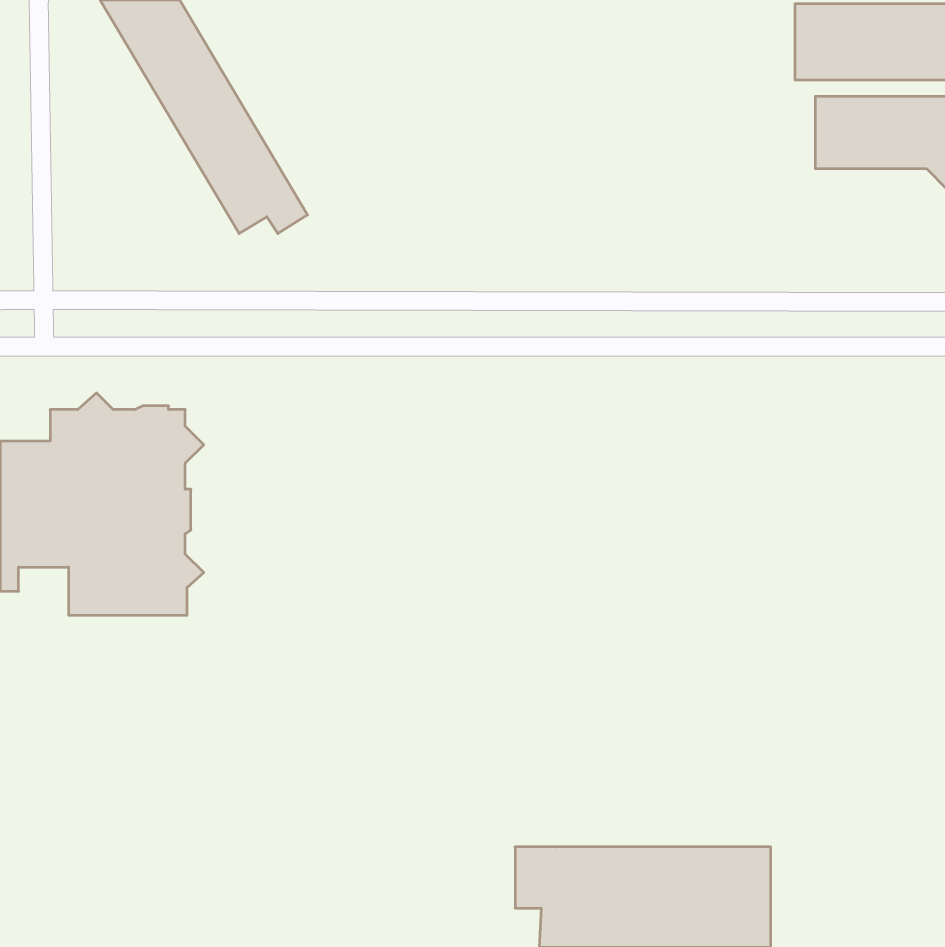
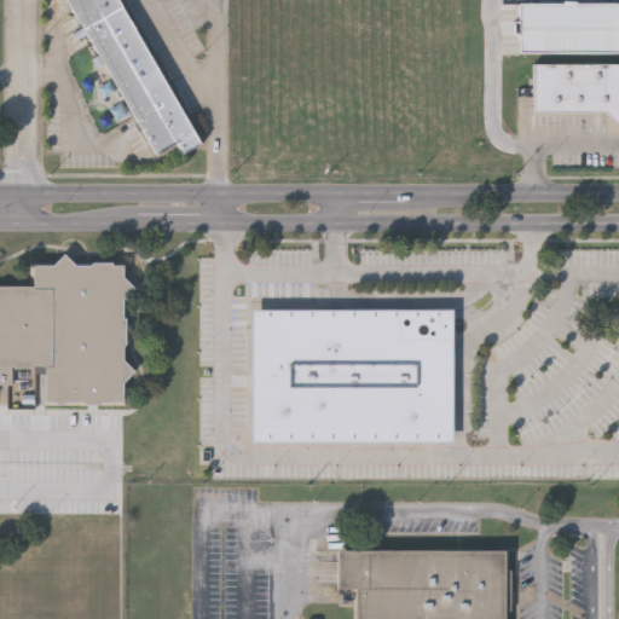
building: none -> [254,308,453,440]

